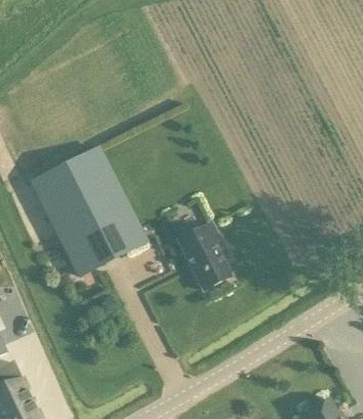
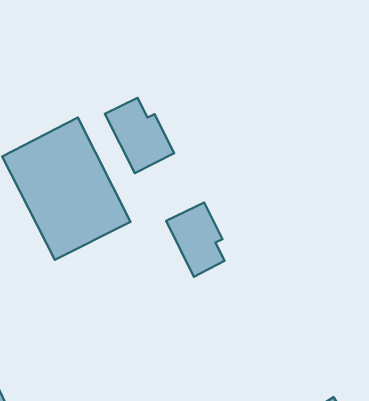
building: none -> [105,98,174,173]

